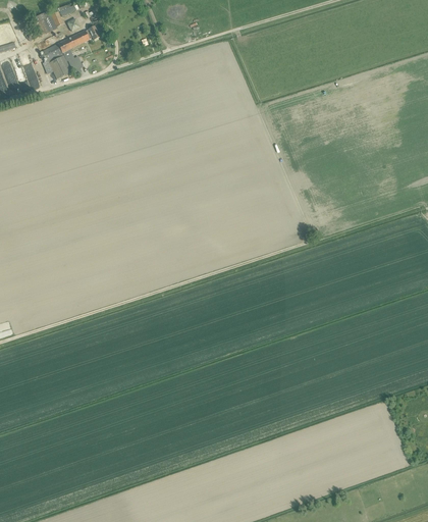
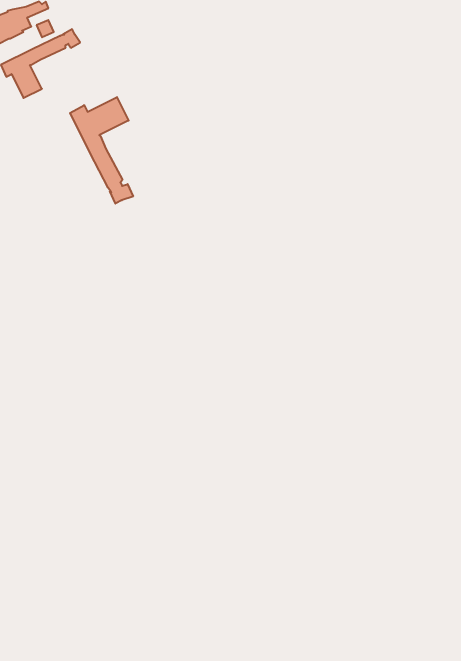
building: none -> [70,97,133,204]

